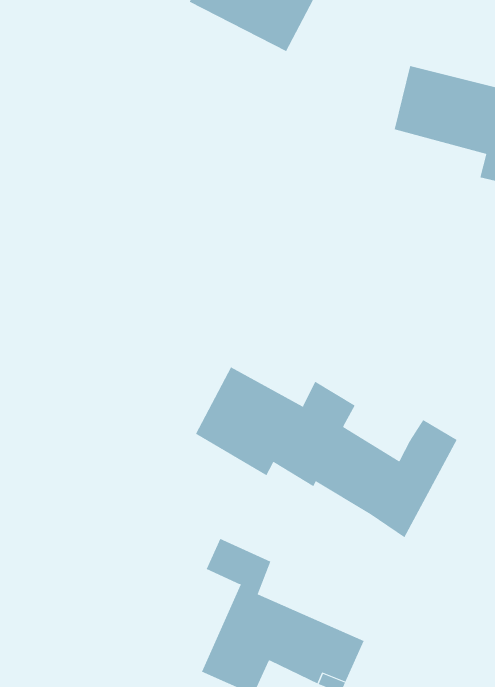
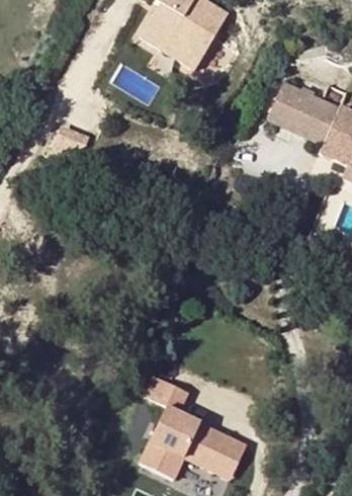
building: [195,366,457,538] -> none

